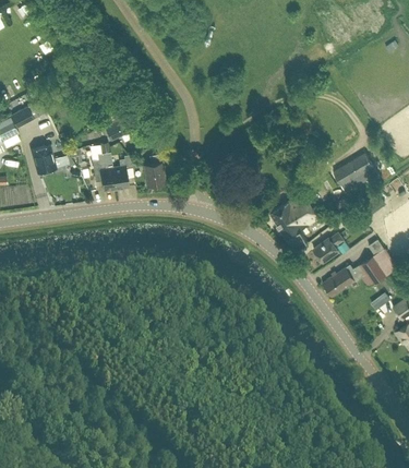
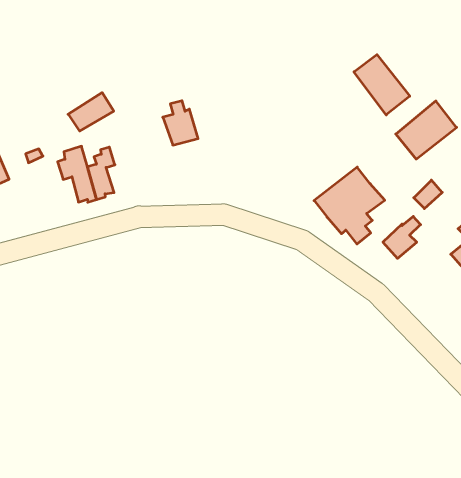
building: none -> [354,55,410,115]
building: [142,154,165,184] -> [163,101,198,145]
building: [322,264,358,296] -> none

